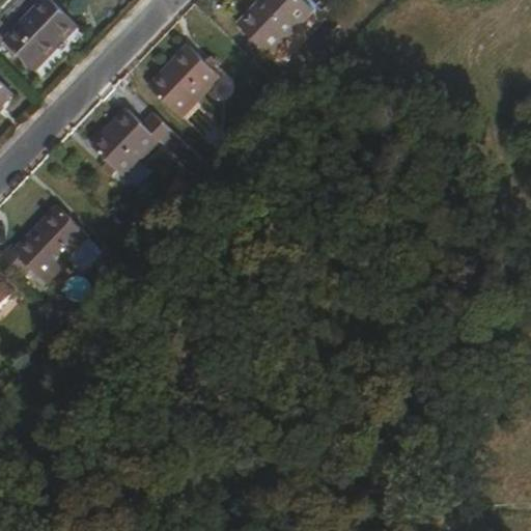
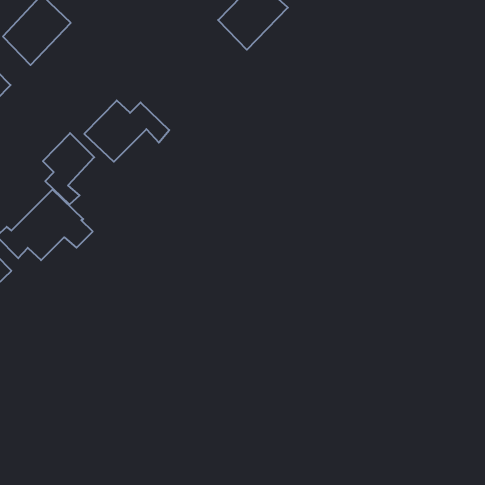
building: [148,45,220,116] -> none
building: none -> [43,133,94,205]

